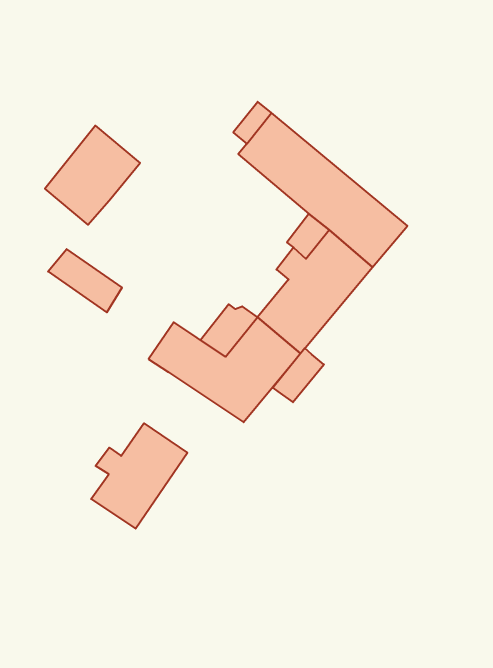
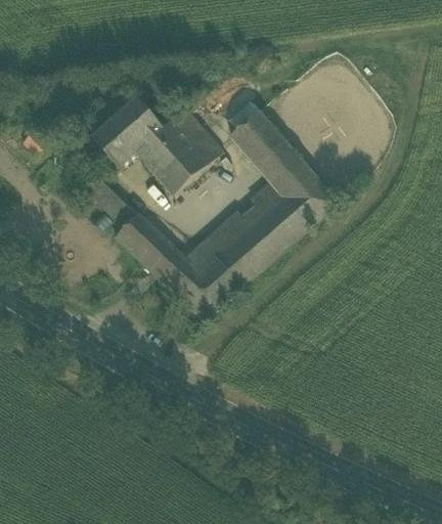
building: none -> [135,105,222,192]
building: none -> [114,212,166,264]
building: [273,348,324,402] -> [212,212,250,248]
building: [91,423,187,529] -> none

